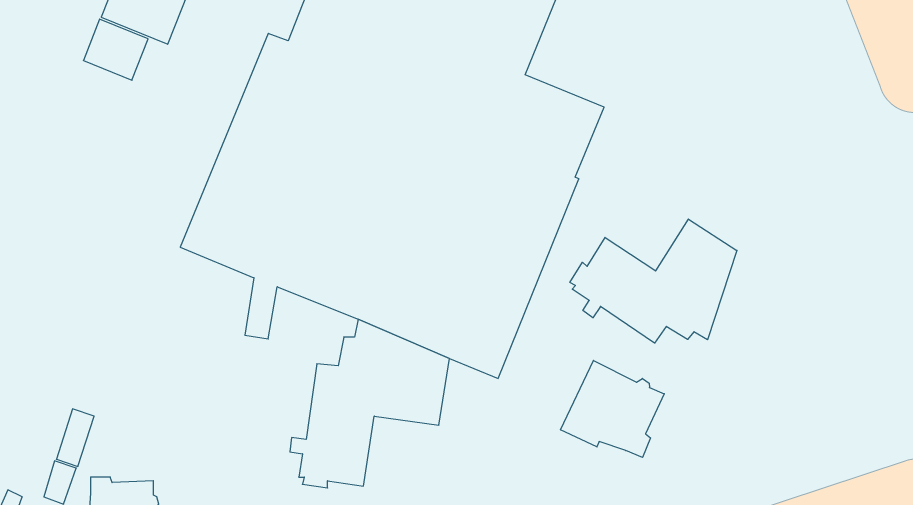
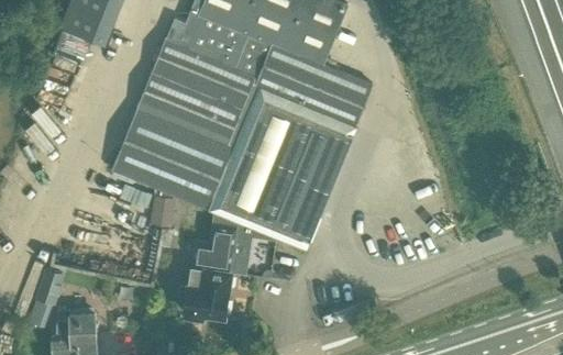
building: [570,219,737,343] -> none
building: [561,360,664,457] -> none

